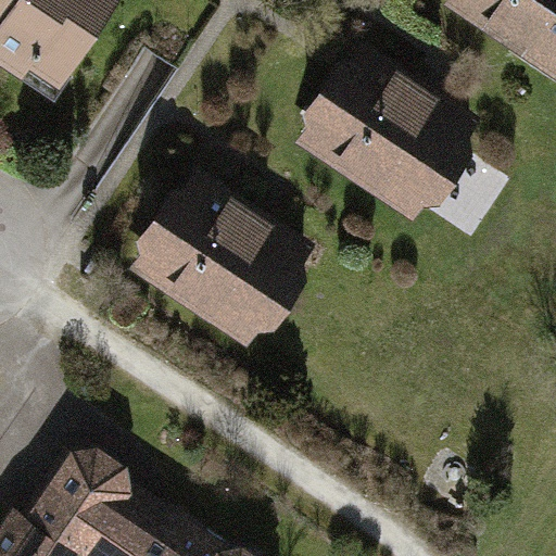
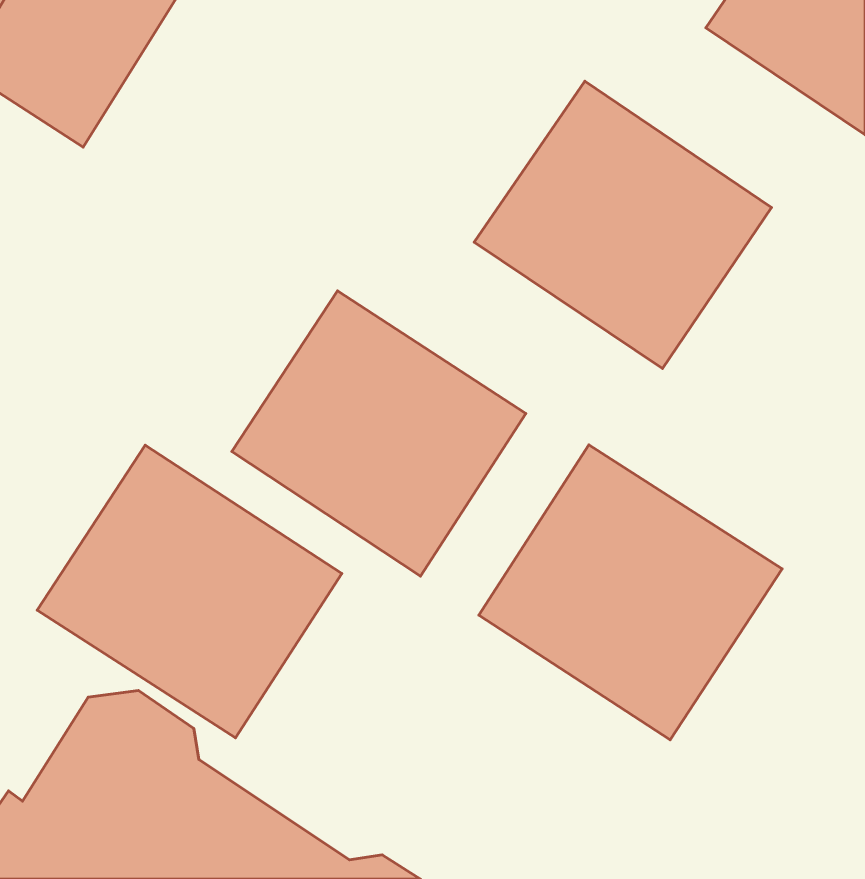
building: none -> [479,445,782,740]
building: none -> [37,445,342,738]

